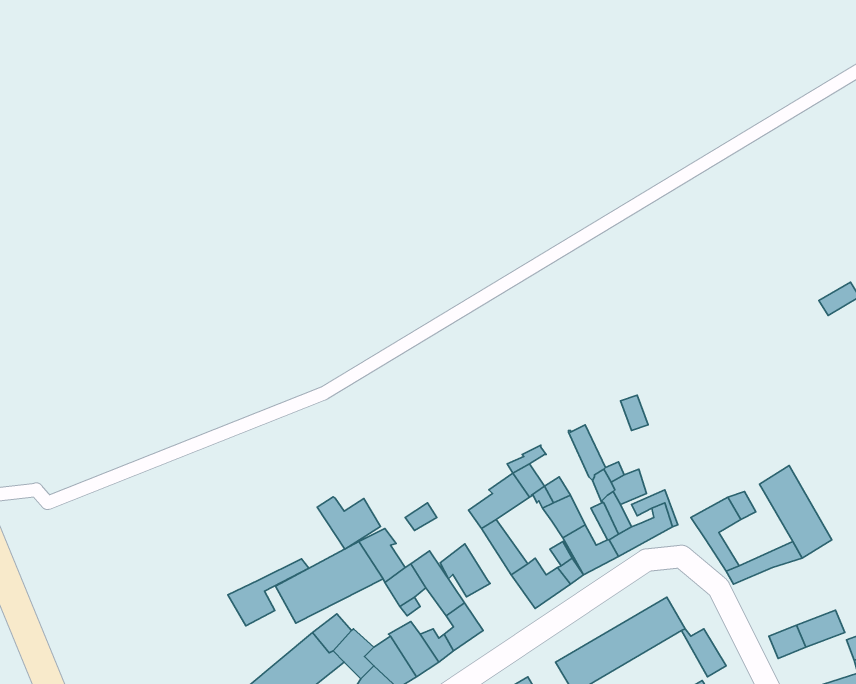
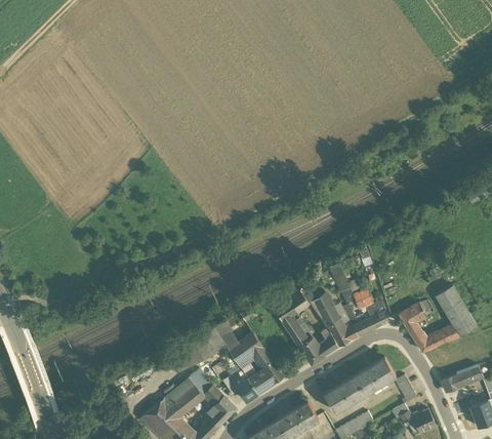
building: [317,497,381,549] -> none
building: [440,544,490,597] -> none
building: [228,559,309,626] -> none

